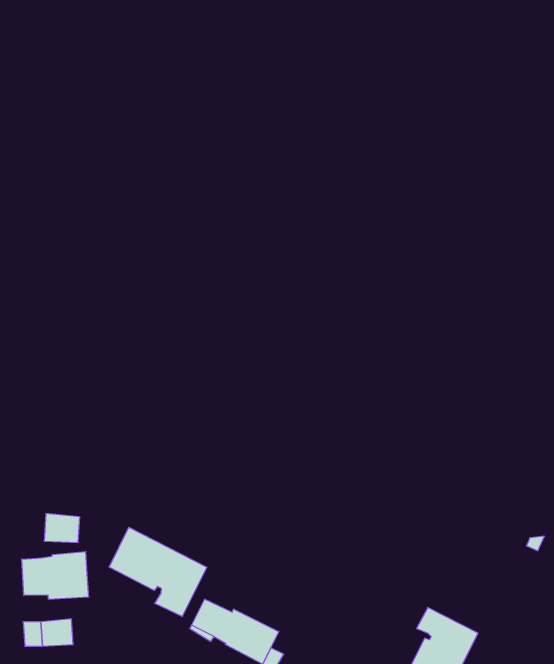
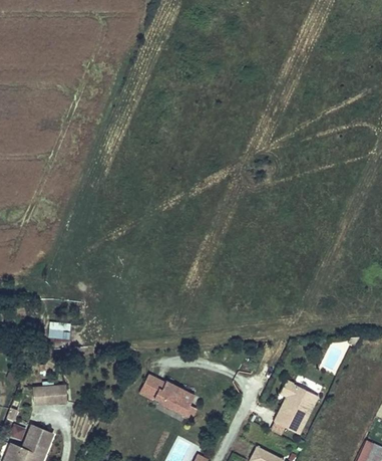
building: [109,527,207,617] -> none
building: [22,551,88,600] -> none

